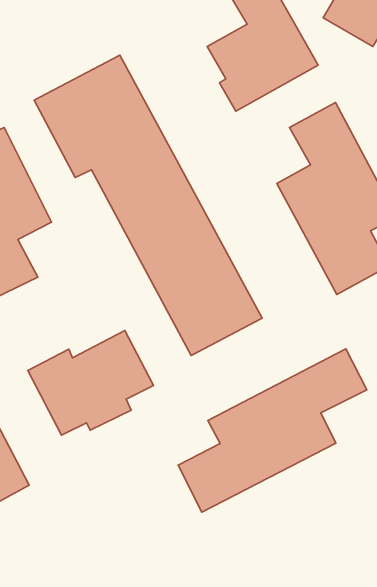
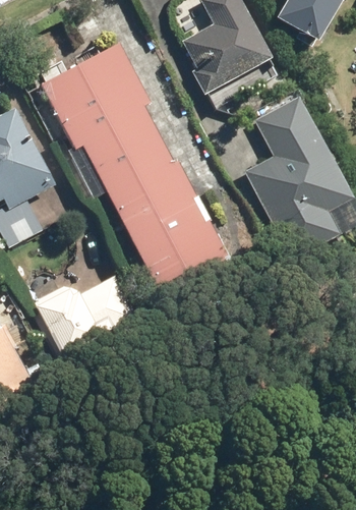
building: [178,349,367,512] -> none

